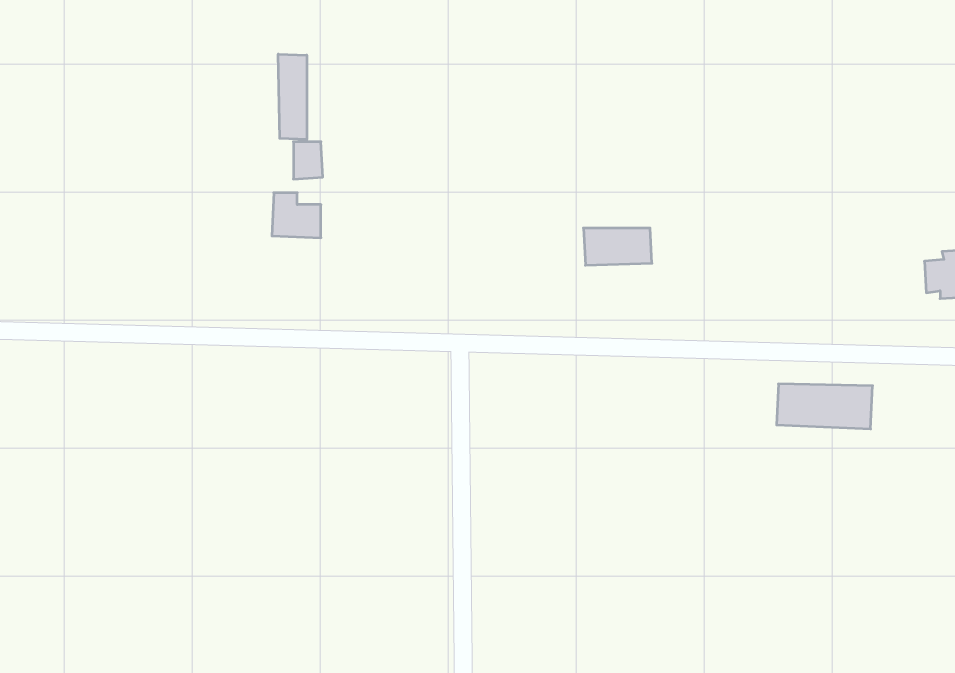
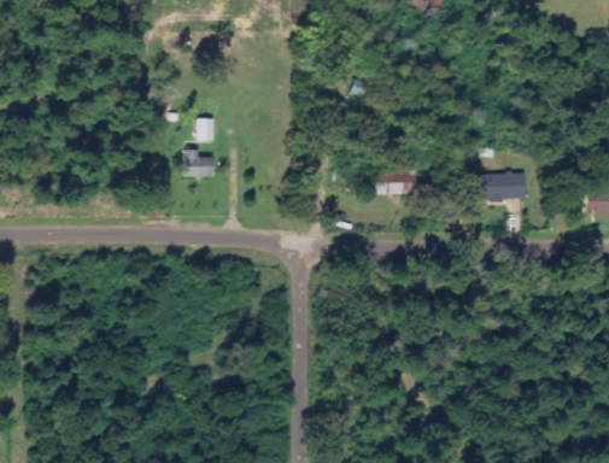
building: [278,54,307,140] -> none
building: [777,384,873,429] -> [467,172,526,200]

